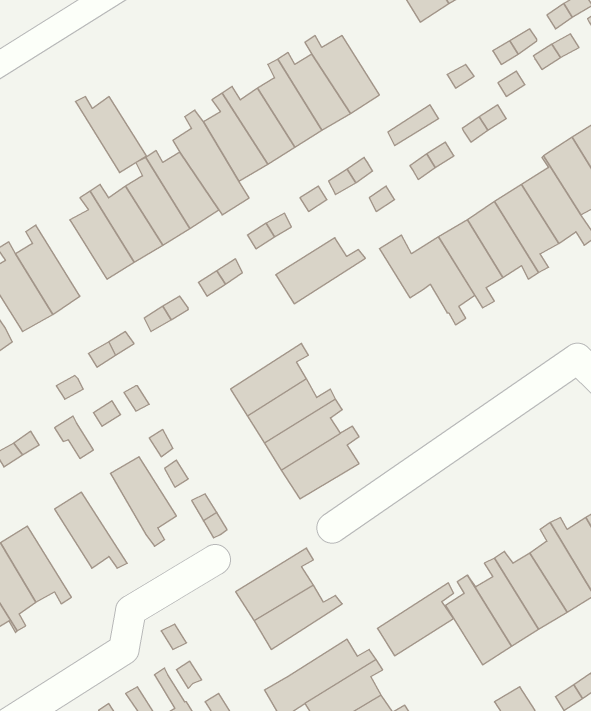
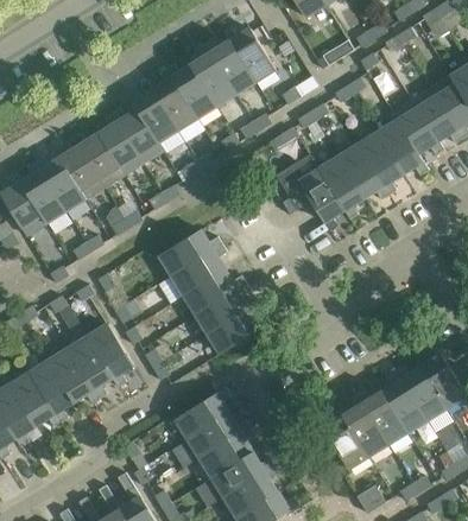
building: [75,97,146,173] -> [34,158,84,211]
building: [276,238,365,304] -> [158,230,221,277]
building: none -> [67,336,112,399]
building: none -> [29,361,74,422]
building: [377,583,454,656] -> [200,427,253,478]

